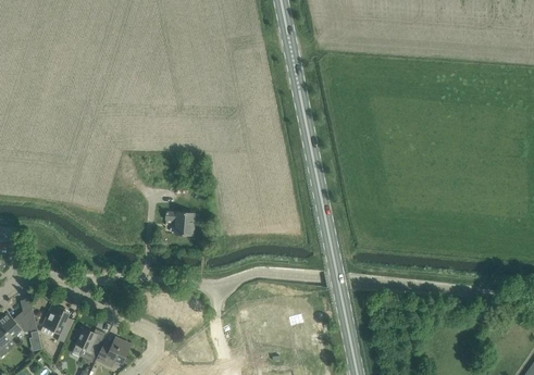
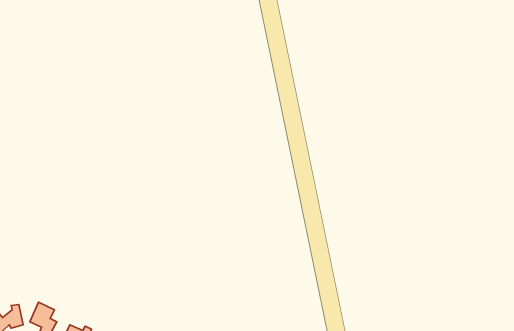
building: [165,212,193,235] -> none

